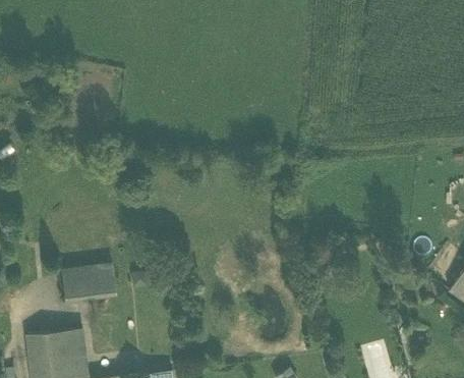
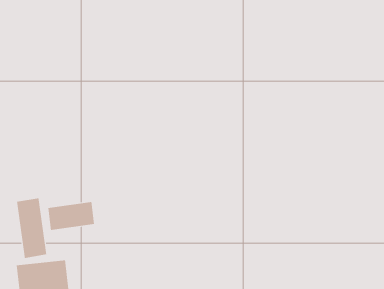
building: none -> [16,197,47,259]

